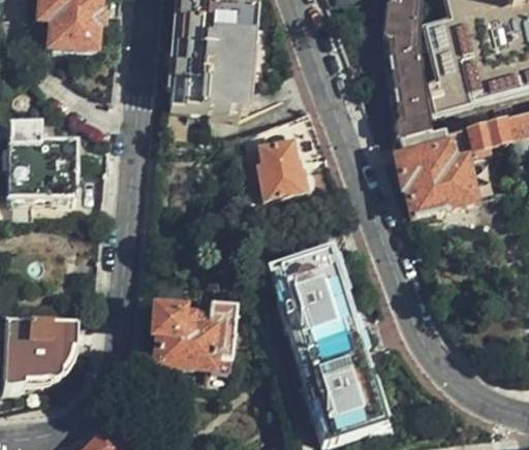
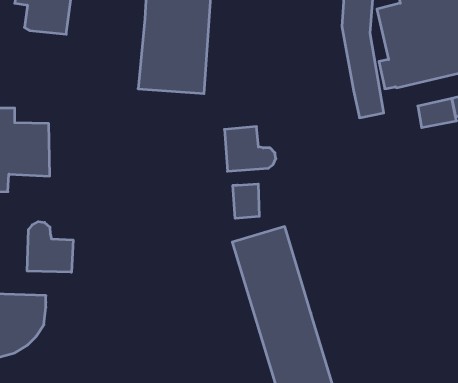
building: [395,130,471,217] -> none
building: none -> [233,184,259,218]
building: none -> [27,222,73,272]
building: [154,303,236,367] -> none

